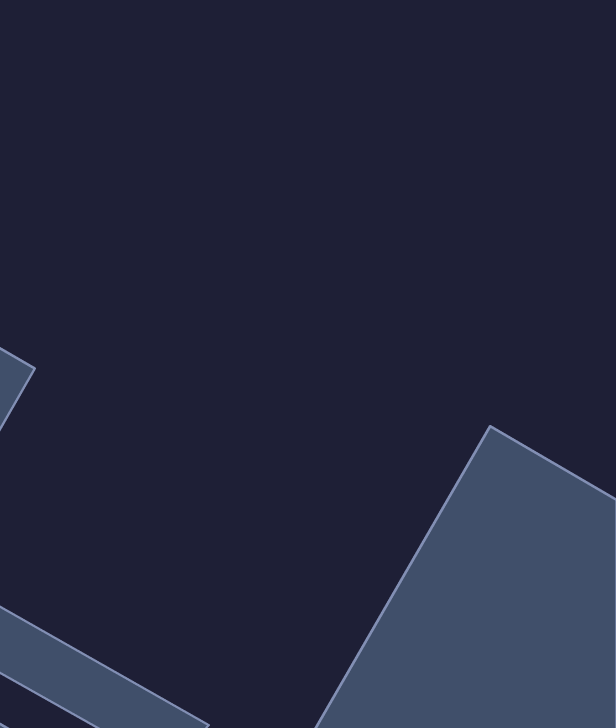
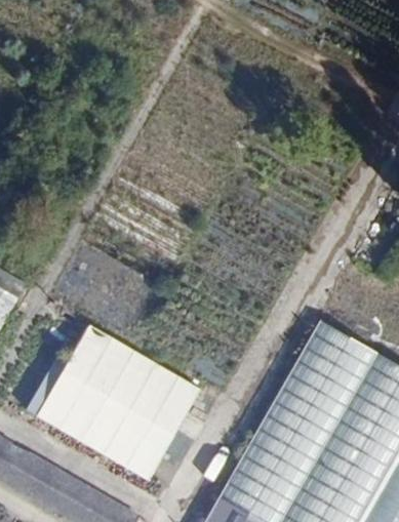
building: none -> [27,325,203,479]

